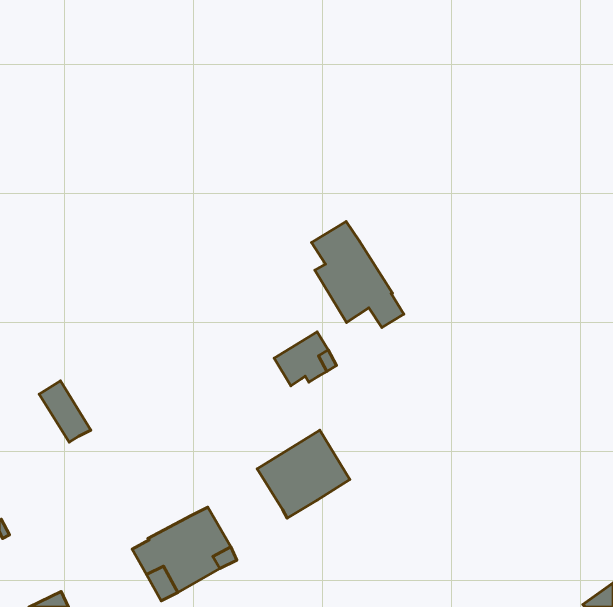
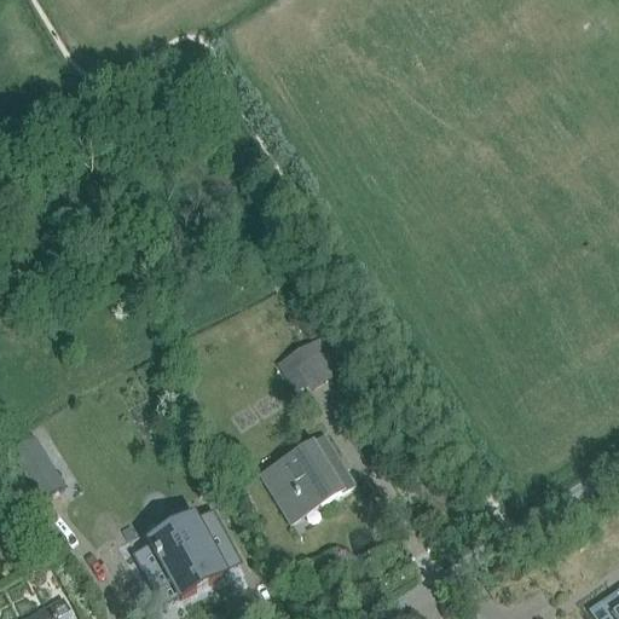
building: [312,222,404,328] -> none
building: [39,381,91,442] -> [11,435,63,497]

